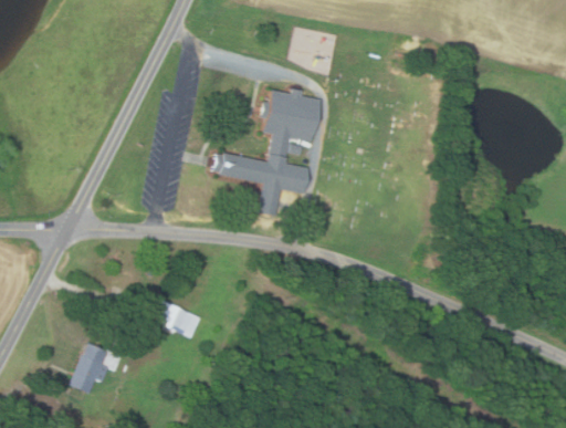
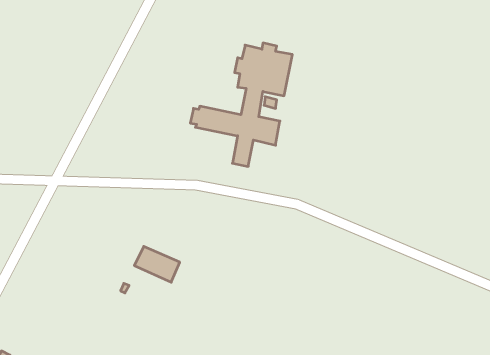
building: [69,343,109,394] -> none

